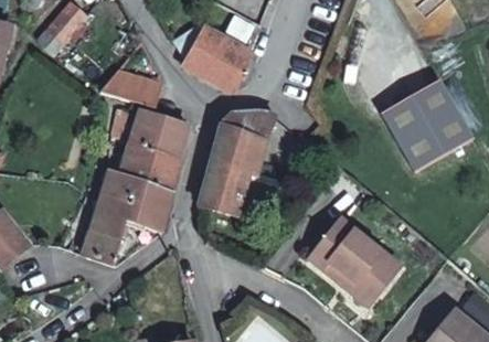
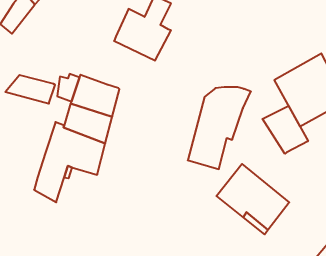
building: [99,70,161,105] -> [5,75,55,104]
building: [199,111,277,213] -> [188,87,251,169]
building: none -> [262,106,308,154]

